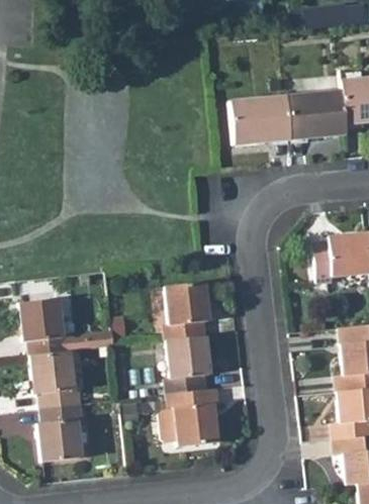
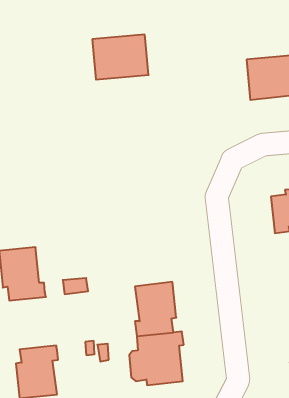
building: [230,96,291,144] -> [92,35,149,80]
building: [166,282,210,340] -> none
building: [31,351,82,408] -> none

